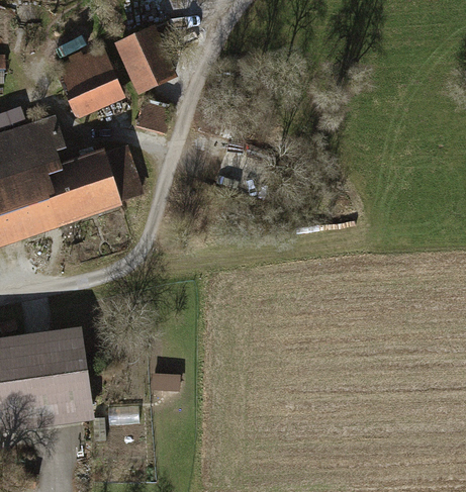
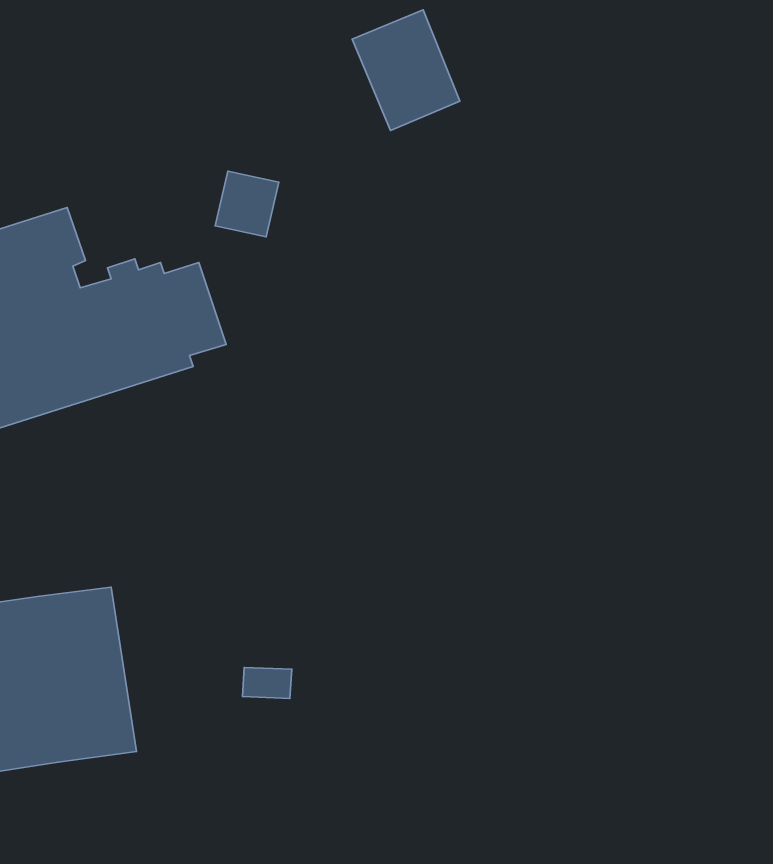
building: [115,26,175,93] -> [352,10,460,130]
building: [53,44,125,117] -> none

